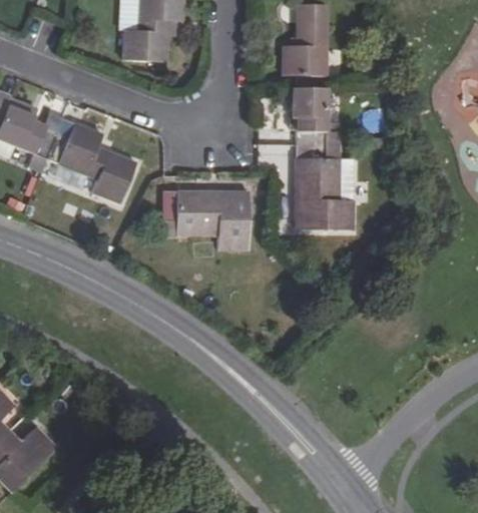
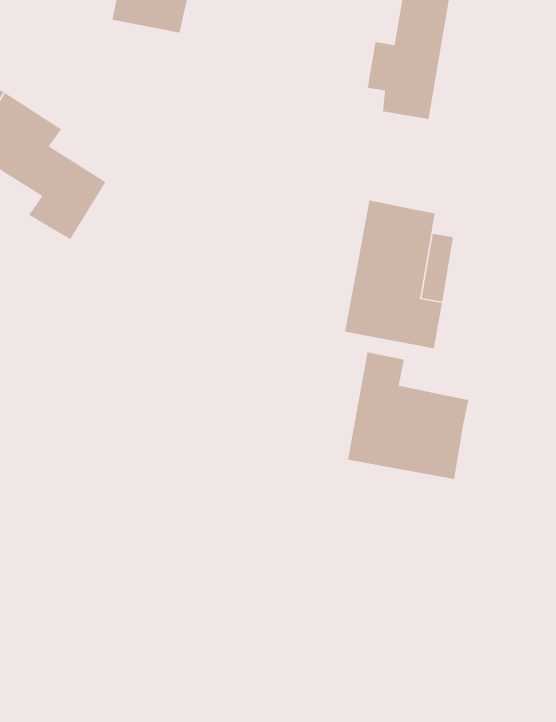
building: [294,88,343,145] -> none
building: [161,191,246,249] -> none
building: none -> [347,351,469,480]

